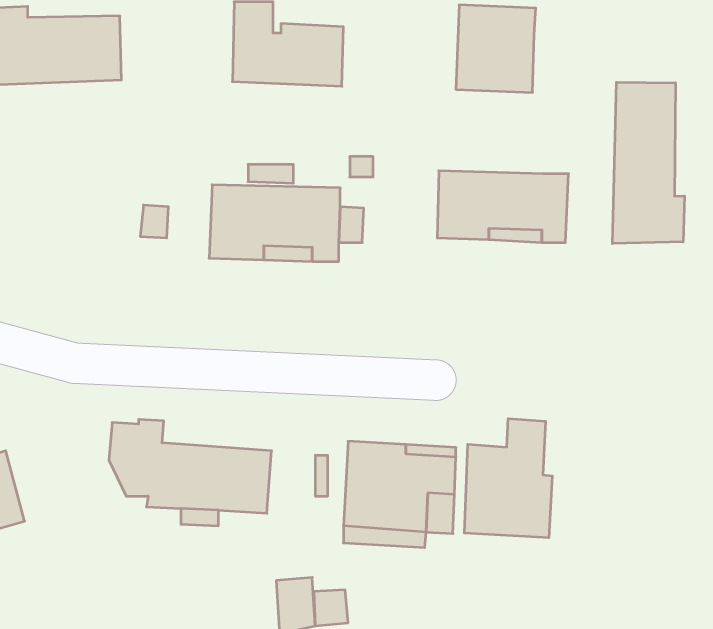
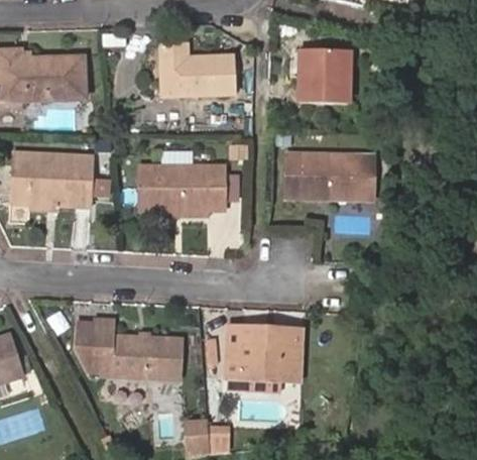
building: [612,82,684,244] -> none
building: none -> [10,151,94,205]
building: [464,419,552,538] -> none

